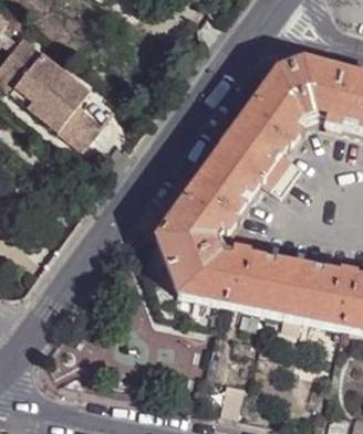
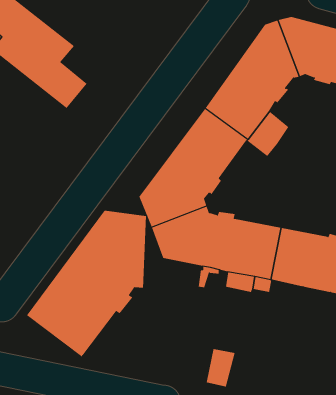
building: none -> [26,210,146,357]

